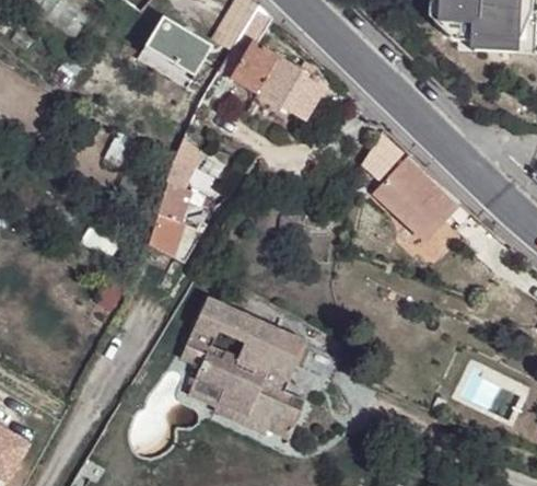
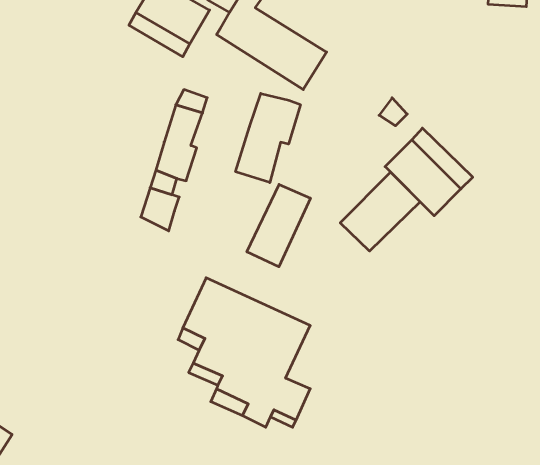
building: none -> [236,93,300,183]
building: none -> [340,172,420,251]
building: none -> [247,184,310,267]

